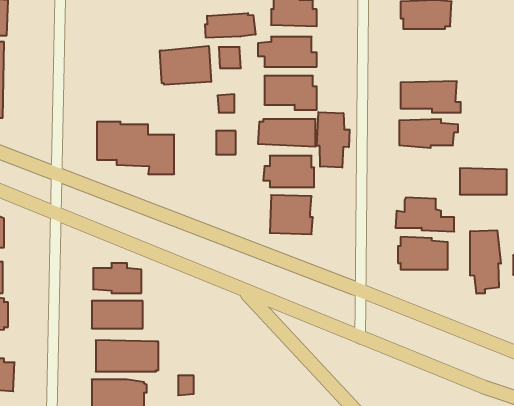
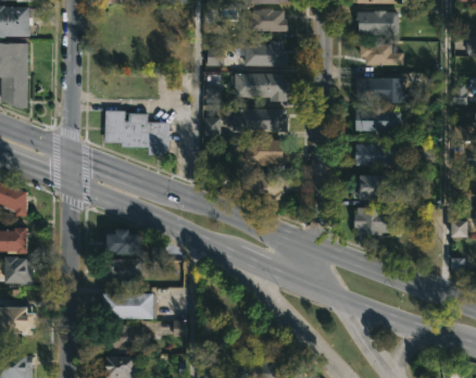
building: [205,13,256,38] -> none
building: none -> [359,42,390,65]
building: [160,46,211,85] -> none
building: [317,112,350,168] -> none
building: [460,168,507,194] -> [354,143,393,165]
building: [470,230,501,294] -> none

